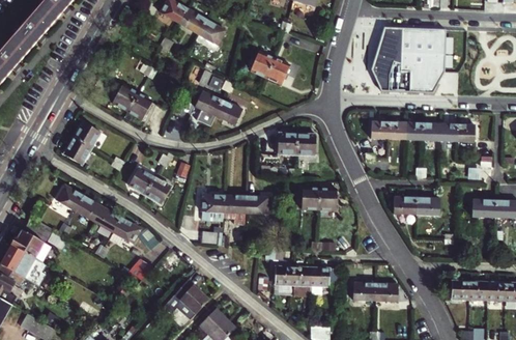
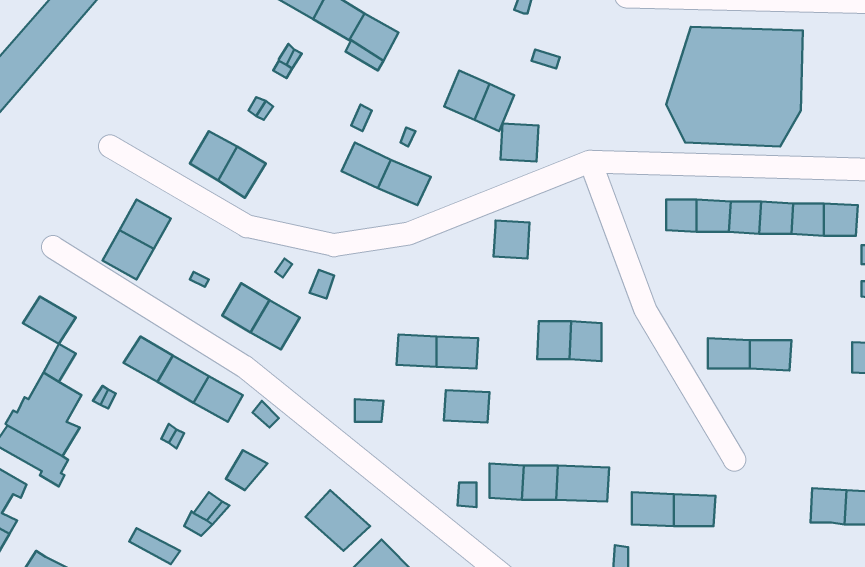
building: [295,134,316,154] -> [500,124,538,162]
building: [55,185,84,210] -> [23,296,76,344]
building: [200,194,225,211] -> [444,390,489,422]

